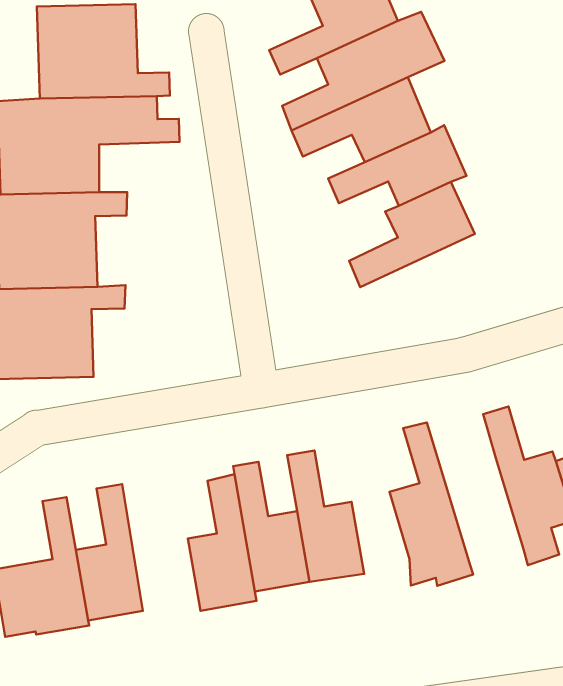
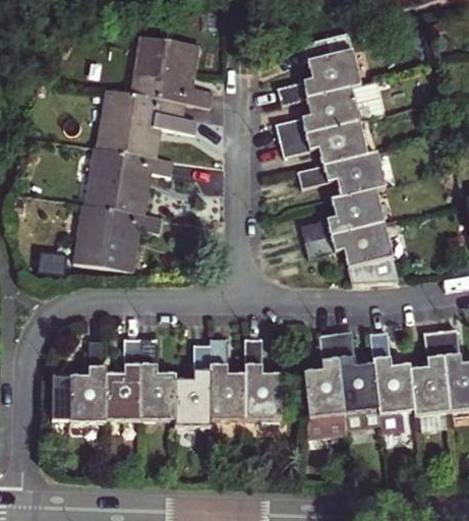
building: none -> [308,223,399,282]
building: none -> [335,332,380,426]
building: none -> [139,339,175,419]

